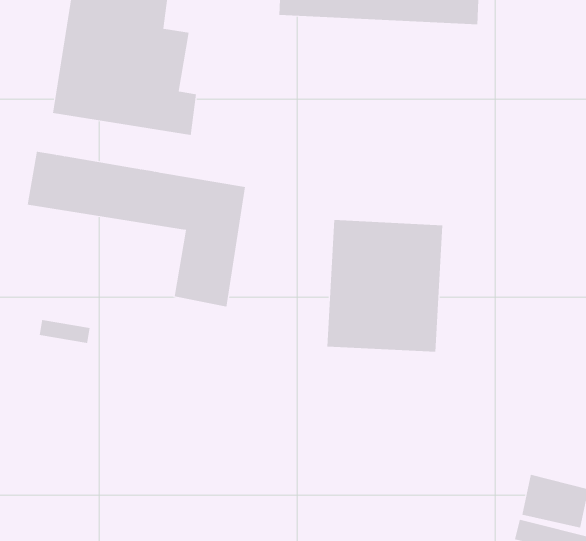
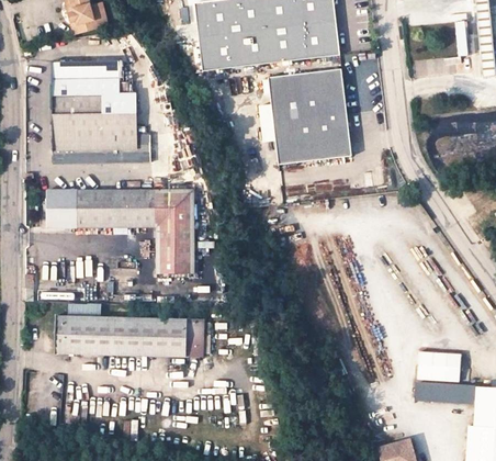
building: [327,220,443,352] -> [270,67,354,162]
building: none -> [56,316,203,356]

